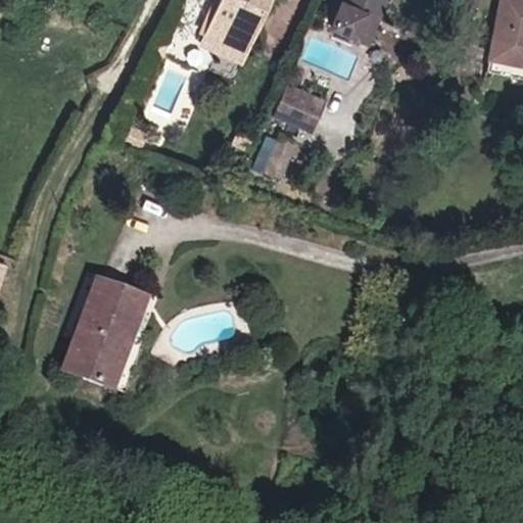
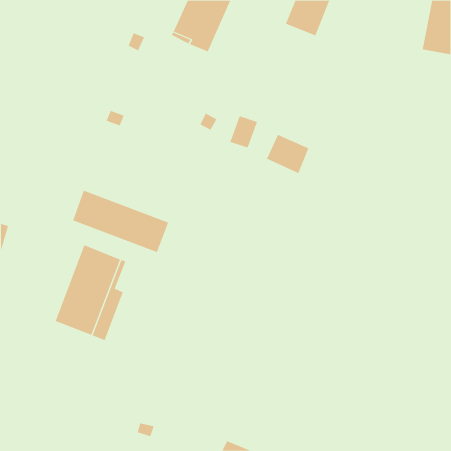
building: [273,86,323,132] -> [266,134,309,174]
building: none -> [73,190,169,253]

